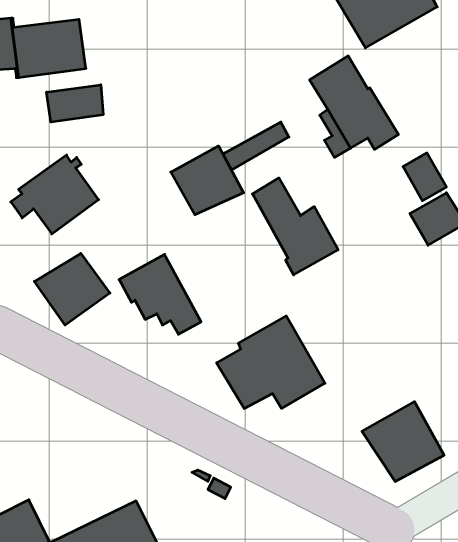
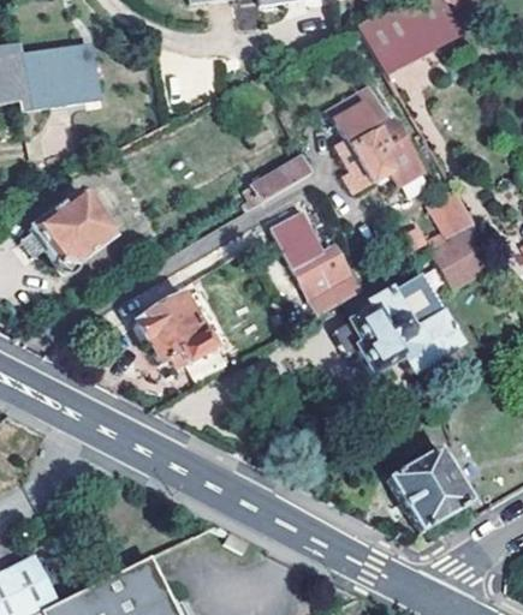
building: [47,85,103,122] -> none
building: [171,146,244,215] -> none
building: [34,253,110,325] -> none
building: [217,316,325,408] -> [341,276,456,374]

